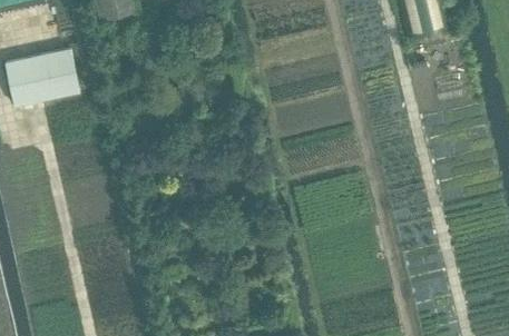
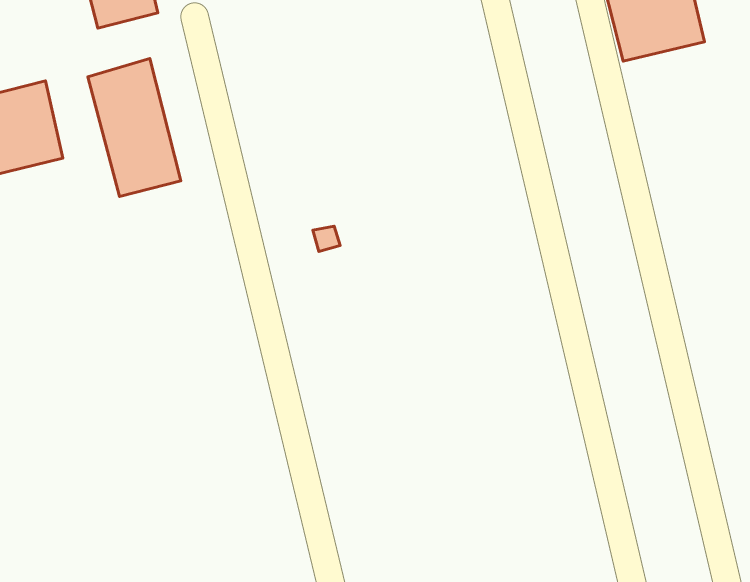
building: none -> [88,59,181,196]

